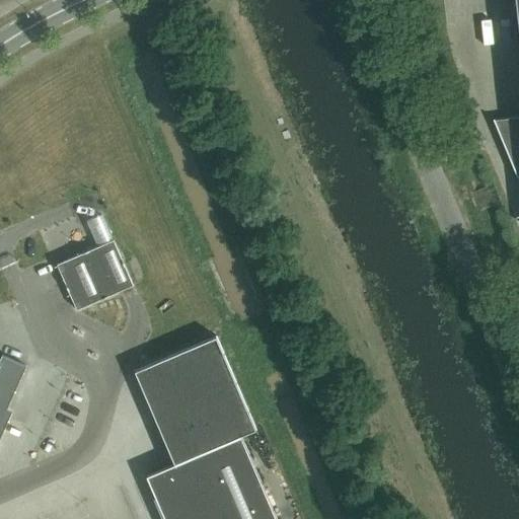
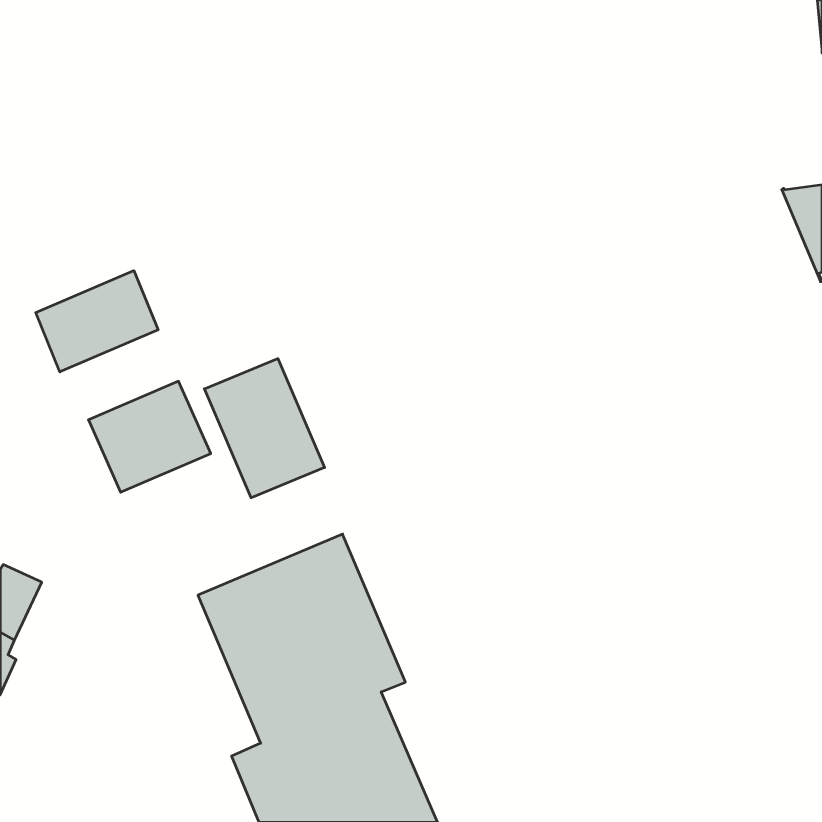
building: none -> [36,271,158,372]
building: none -> [204,359,325,498]

